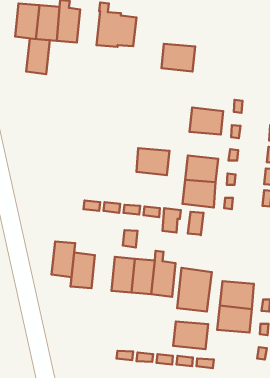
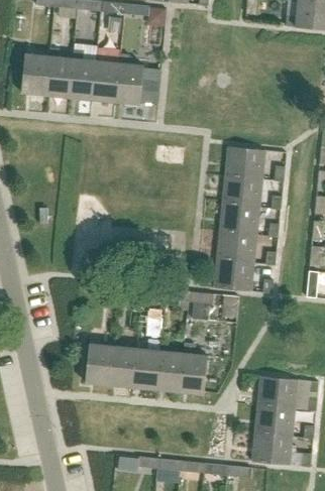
building: [26,39,50,74] -> [92,60,119,102]
building: [161,44,195,72] -> [226,146,265,178]
building: [136,148,169,175] -> [221,203,259,234]
building: [52,241,75,277] -> [109,346,136,387]
building: [177,268,212,311] -> none
building: [173,321,208,349] -> [252,433,293,465]

